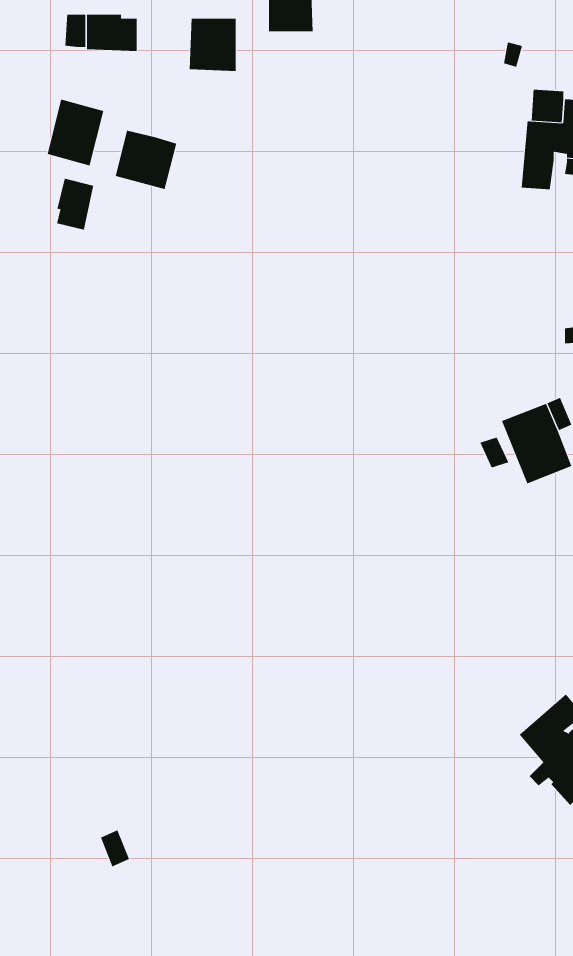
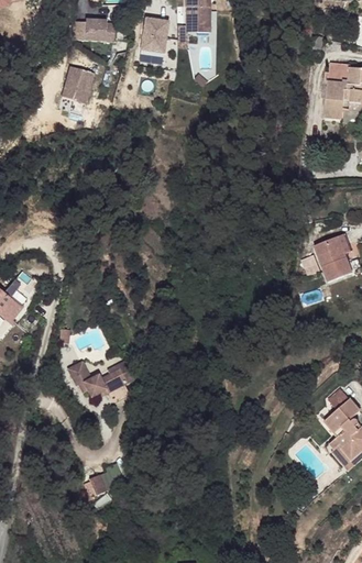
building: [115,130,177,190] -> none
building: [56,178,94,231] -> none
building: none -> [69,360,128,395]

